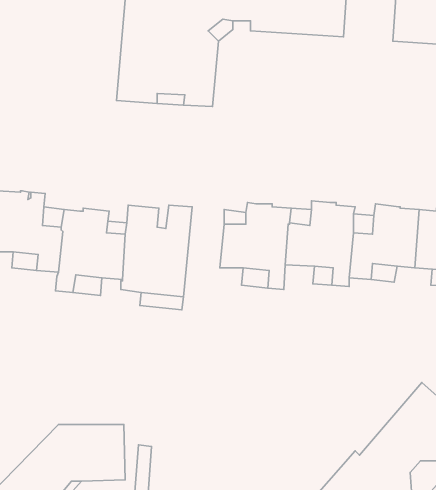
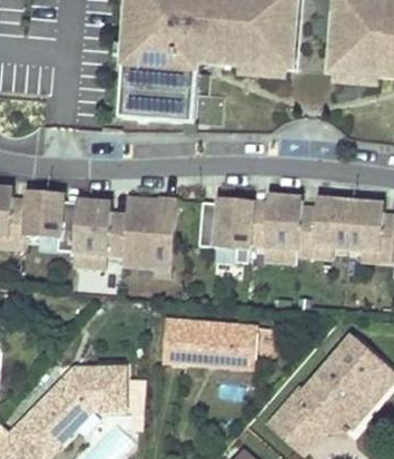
building: none -> [162,318,258,368]

